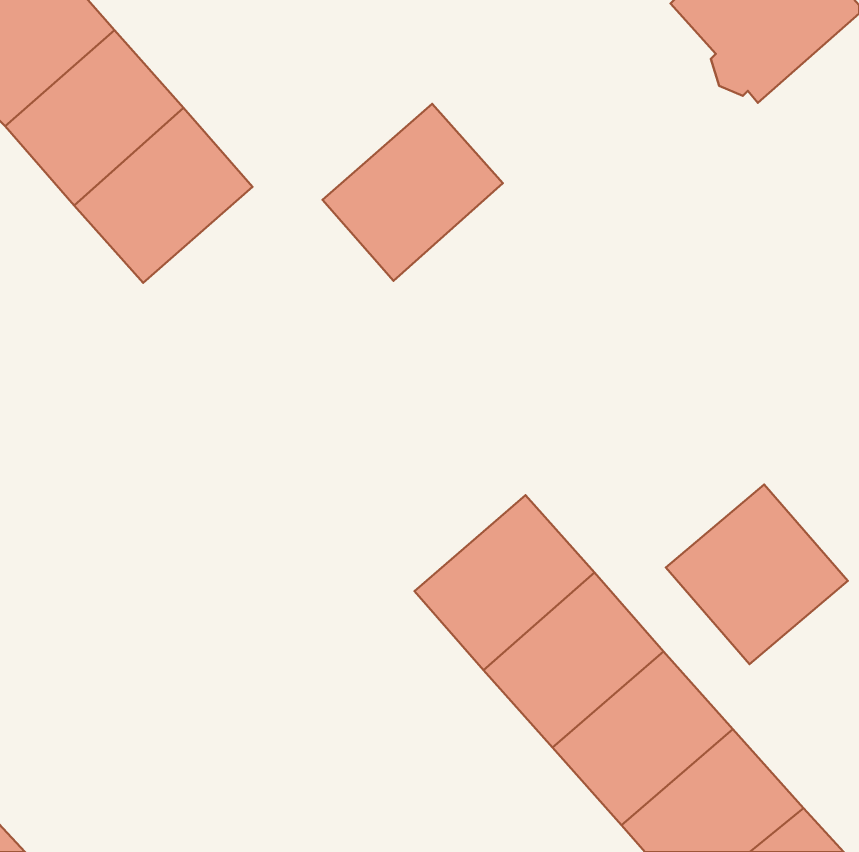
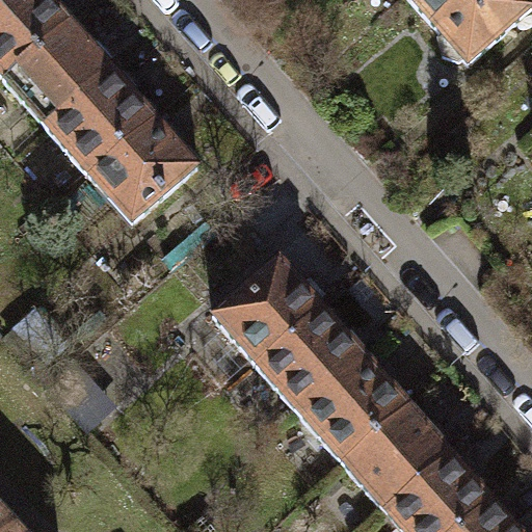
building: [323,104,503,281] -> [88,115,200,224]
building: none -> [212,255,324,365]
building: [666,484,848,664] -> none

